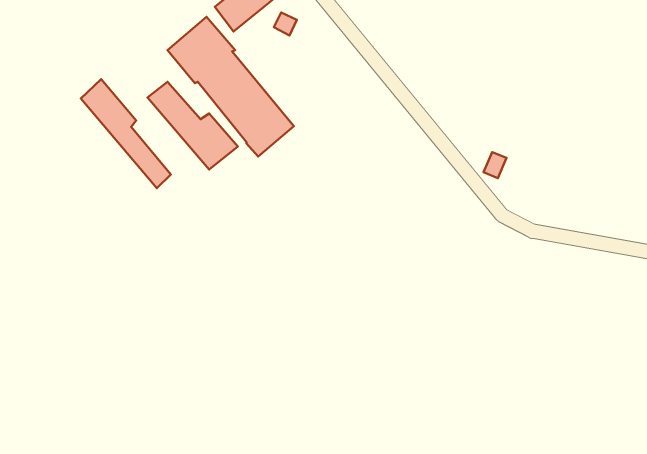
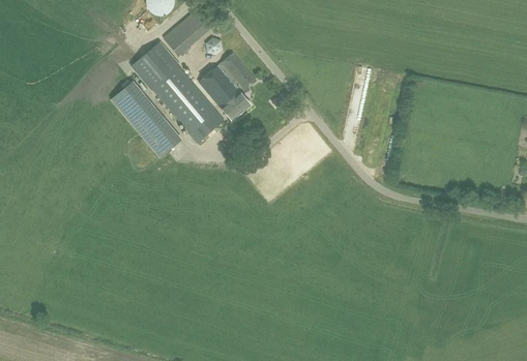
building: none -> [198,53,256,121]
building: [81,79,171,188] -> none

